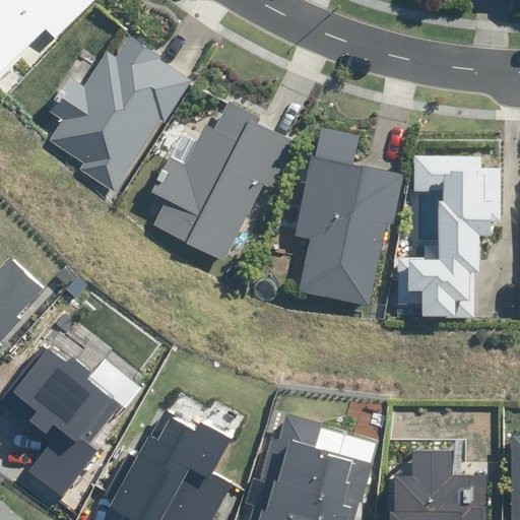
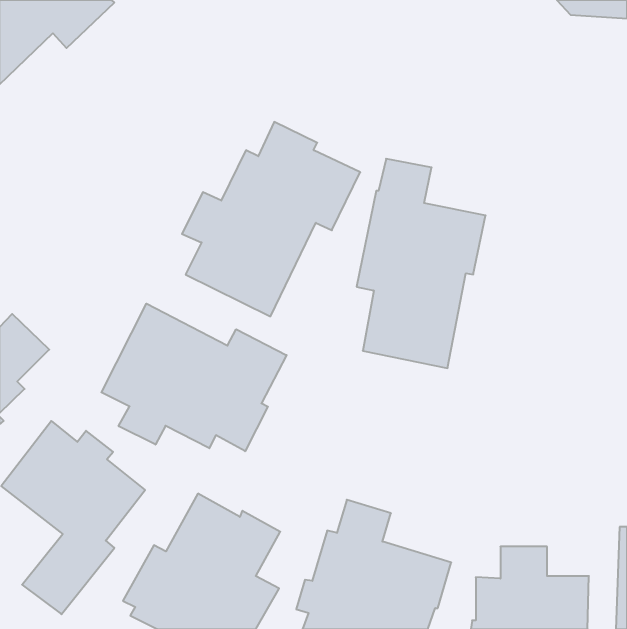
building: [48,38,189,193] -> none
building: [396,156,500,317] -> none
building: none -> [101,304,287,451]

